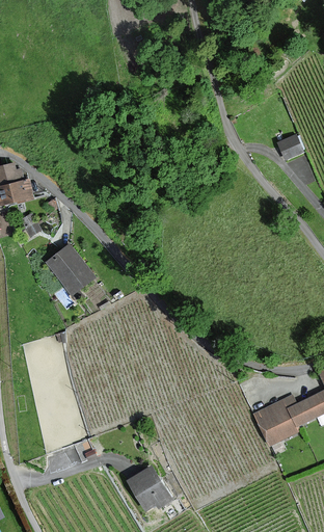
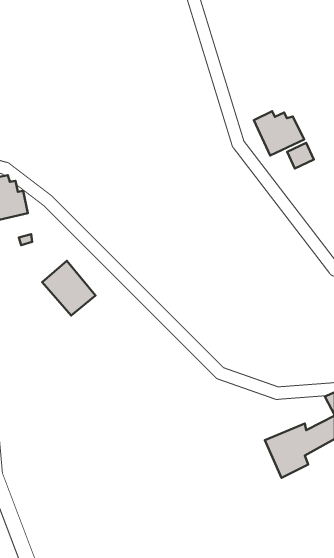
building: none -> [254,111,304,156]
building: [128,464,173,513] -> none

